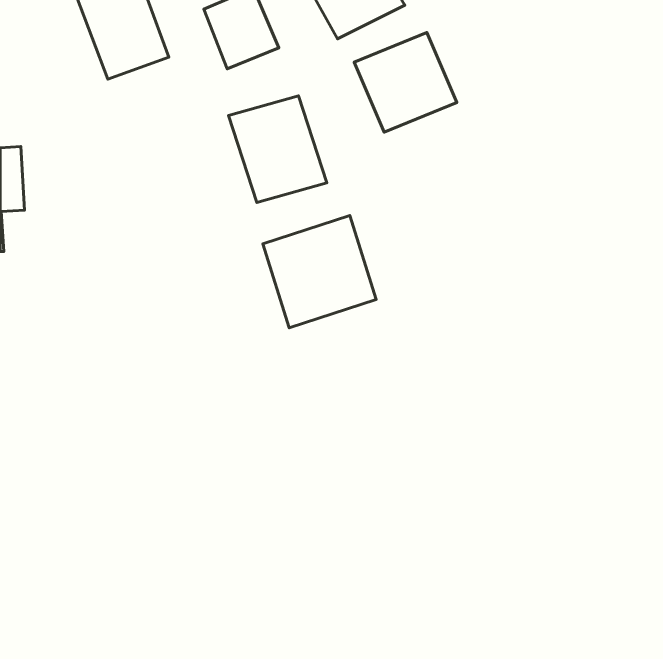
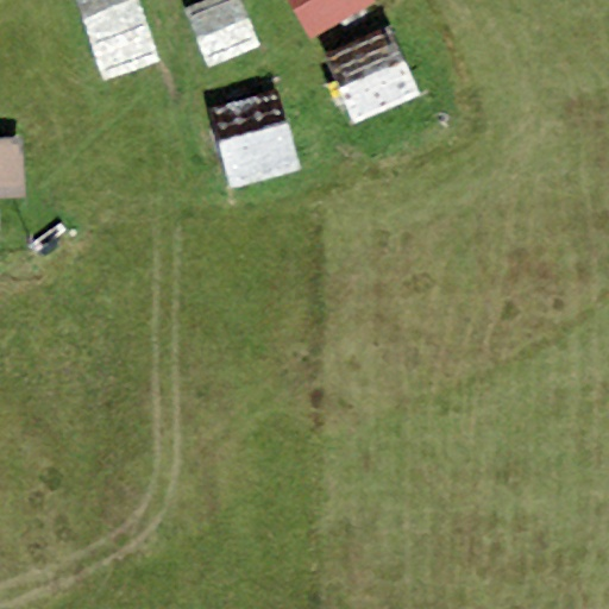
building: [263,215,376,328] -> none

